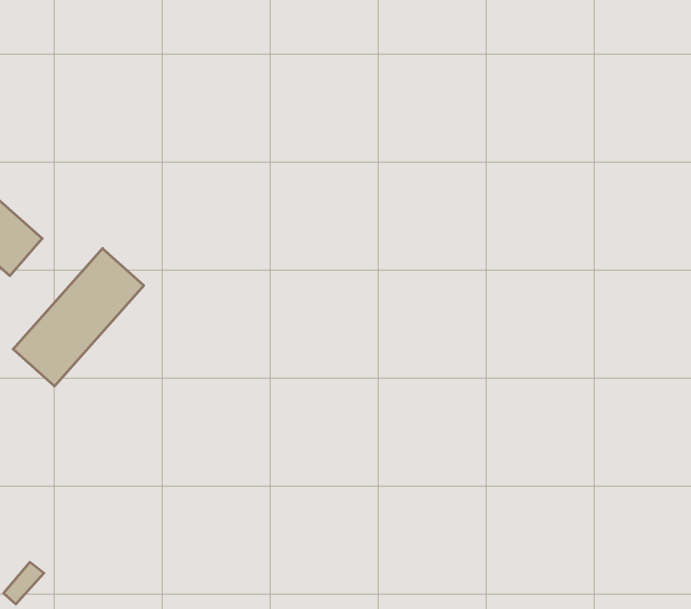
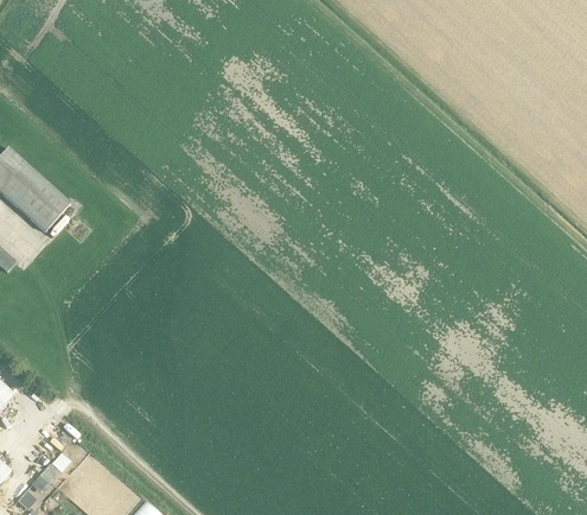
building: [13,248,144,386] -> none

